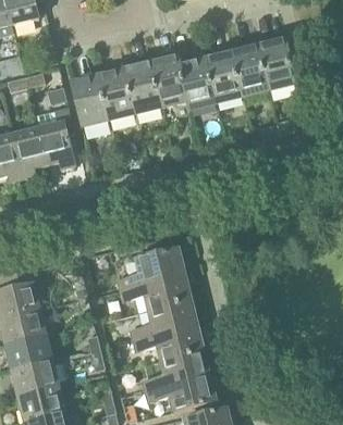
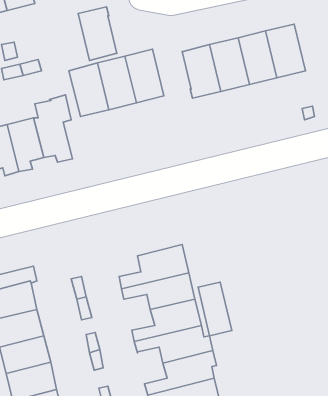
building: [150,54,187,105] -> [78,7,117,60]
building: none -> [198,282,232,336]

